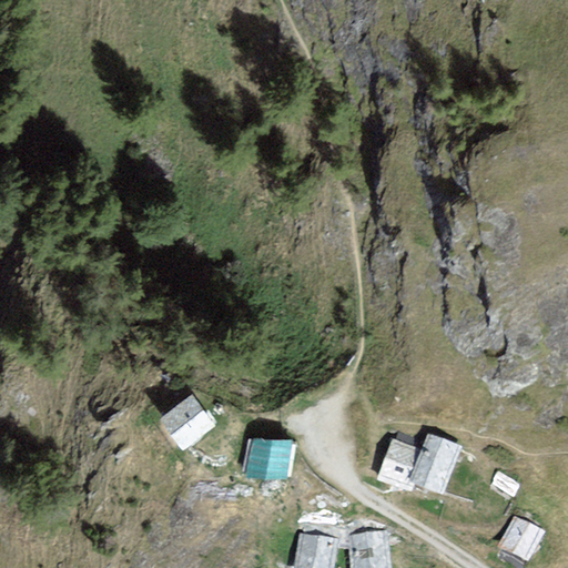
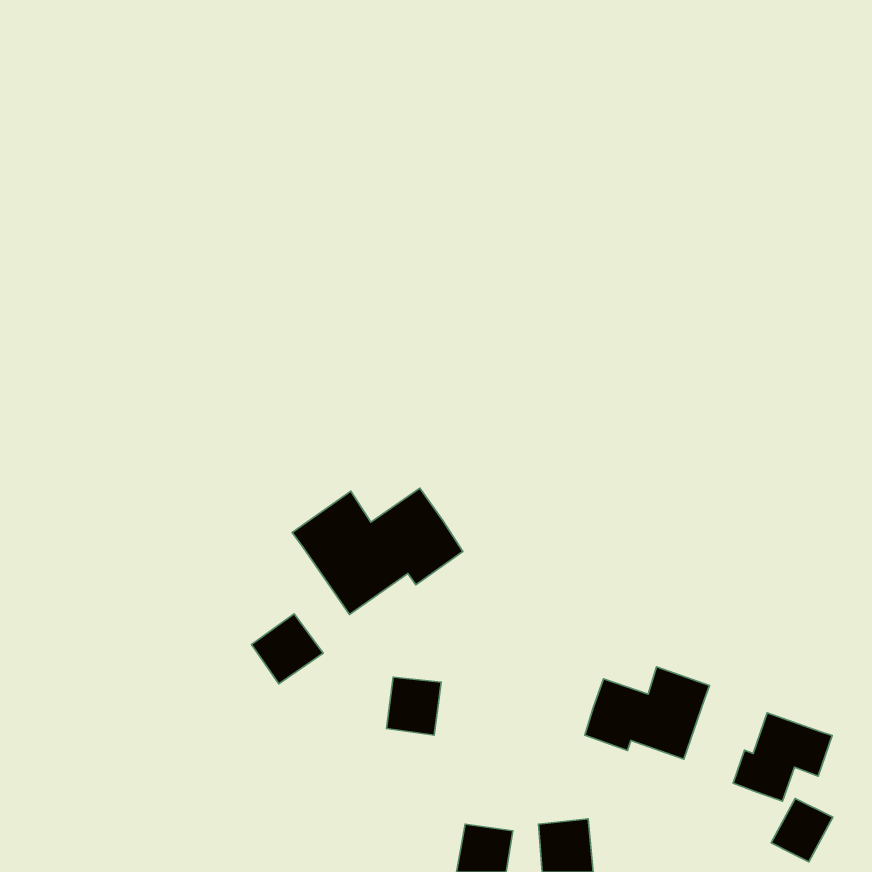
building: none -> [292,488,463,615]
building: none -> [733,713,832,801]

